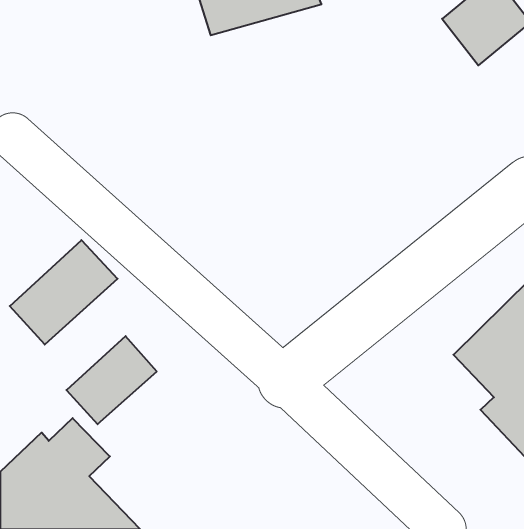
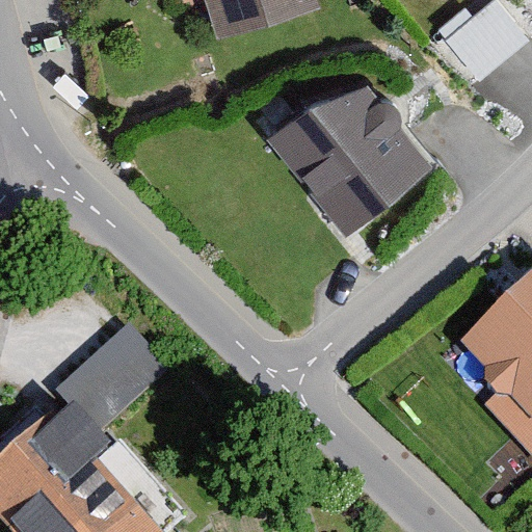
building: none -> [265,83,435,236]
building: [10,240,118,345] -> none

